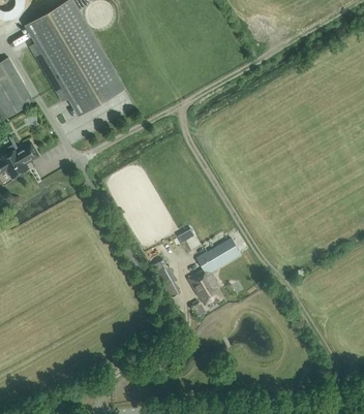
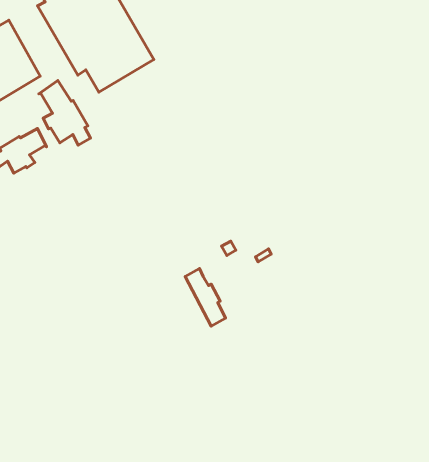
building: none -> [39,81,91,145]
building: [189,238,241,305] -> none

